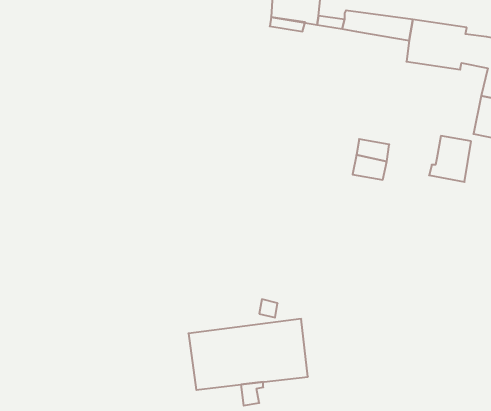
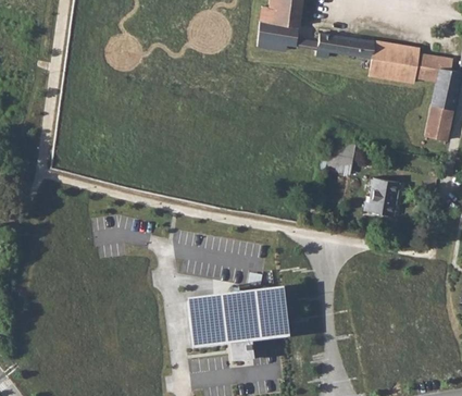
building: [429,136,471,182] -> [364,176,399,214]

